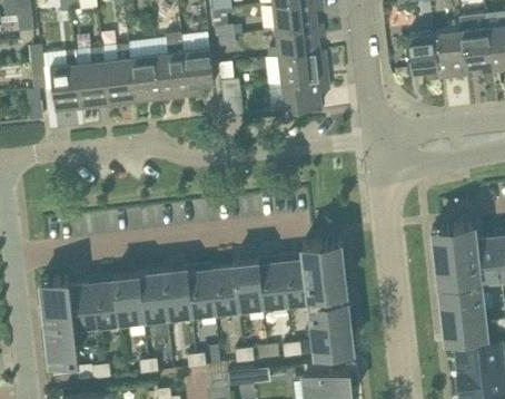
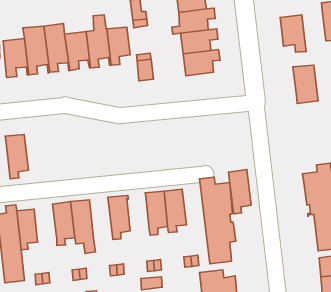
building: [434,31,466,80] -> [293,65,318,103]
building: [280,254,309,311] -> [229,170,251,214]
building: [209,266,238,319] -> none
building: [161,267,190,324] -> none
building: [89,276,119,333] -> [5,135,28,179]

